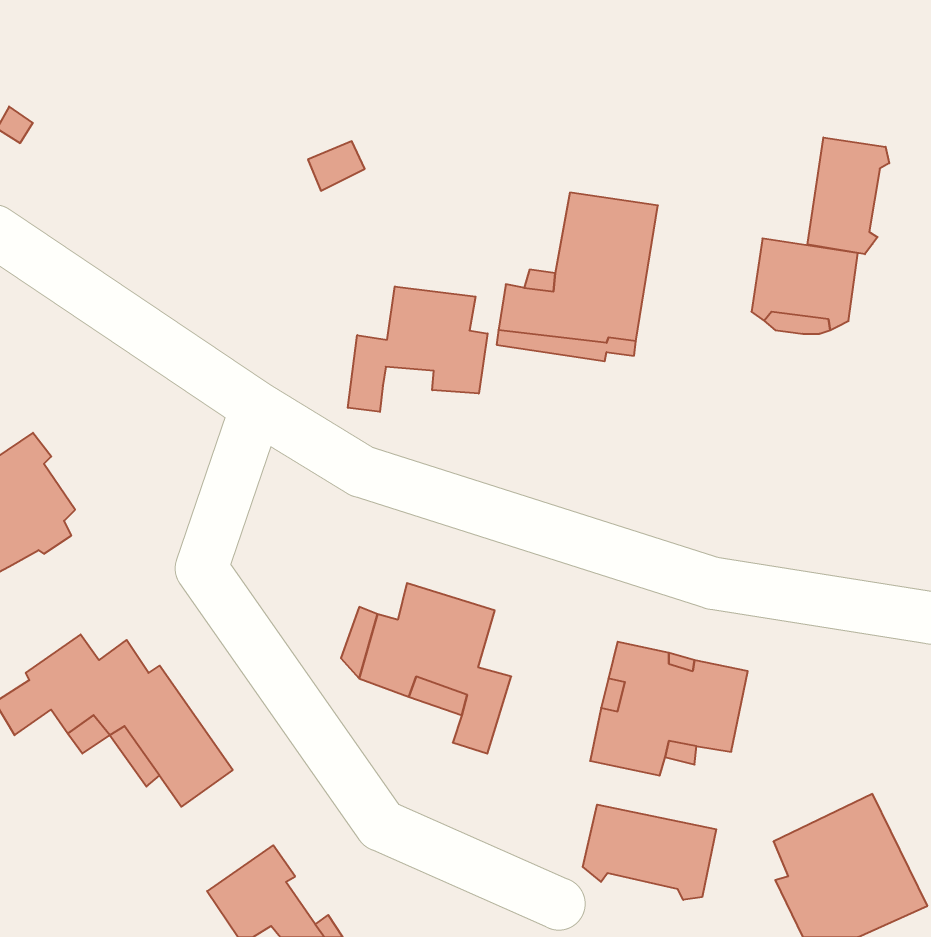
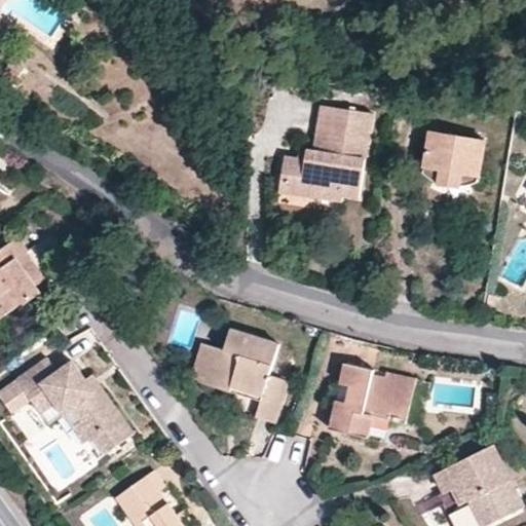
building: [808,137,889,254] -> none
building: [348,286,488,412] -> none
building: [583,805,716,900] -> none

